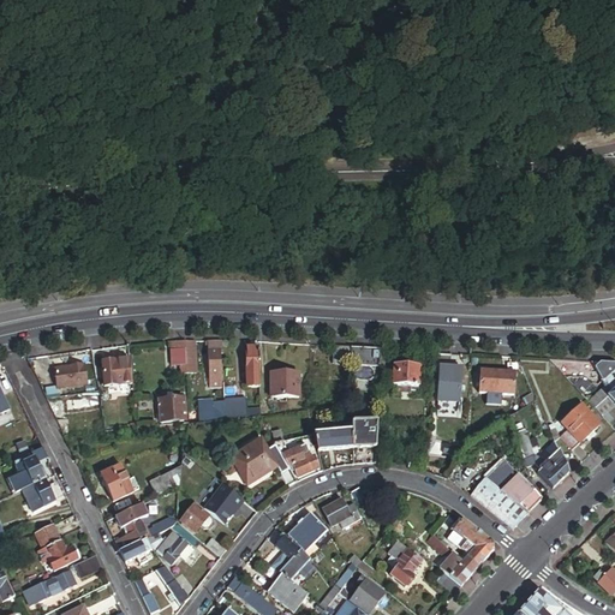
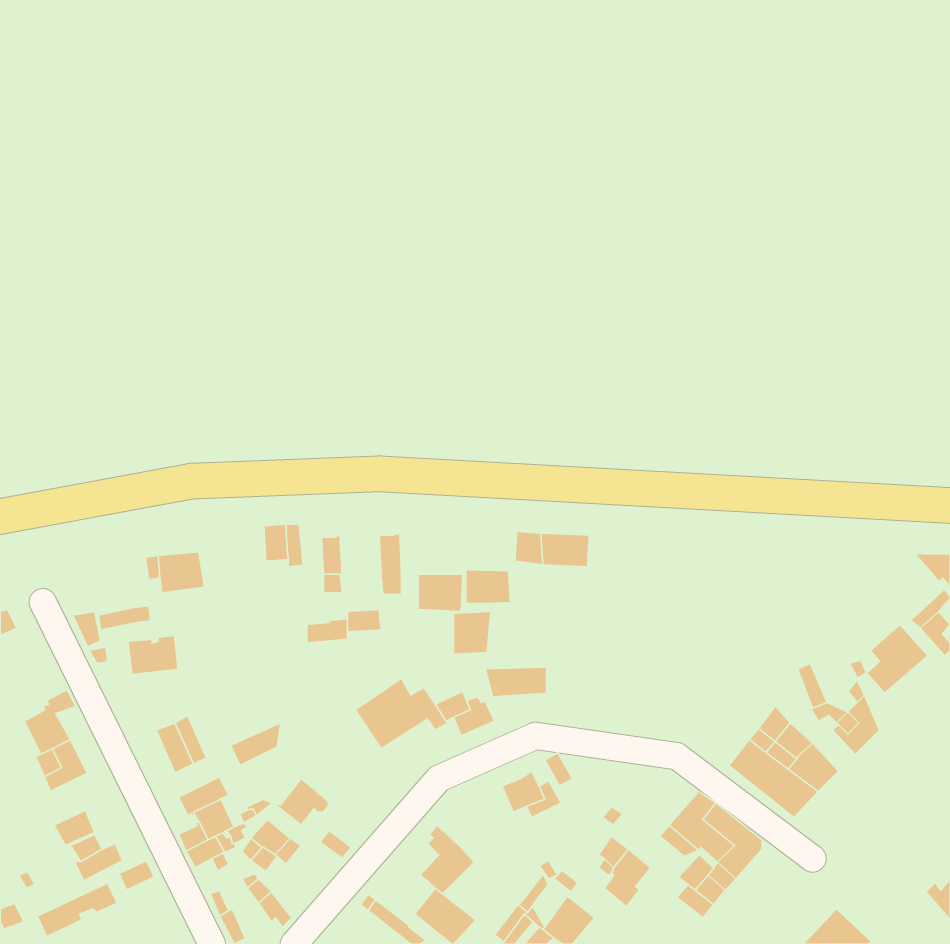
building: [54,360,86,386] -> [128,636,178,675]
building: [394,362,420,384] -> none
building: [438,365,461,399] -> none
building: [479,368,514,392] -> none
building: none -> [466,570,510,604]
building: [159,394,185,418] -> none
building: [353,420,377,448] -> [454,611,491,654]
building: [199,480,245,518] -> none
building: [289,515,327,553] -> none

